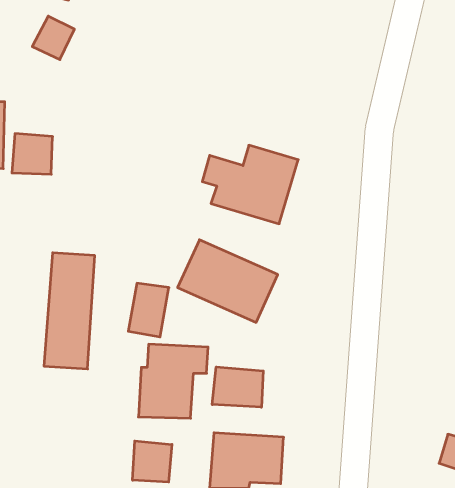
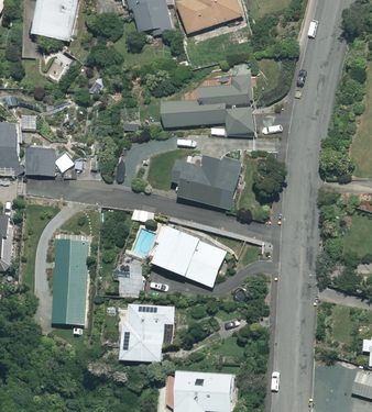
building: none -> [161,71,255,136]
building: [212,367,263,407] -> none
building: [133,441,172,482] -> none

